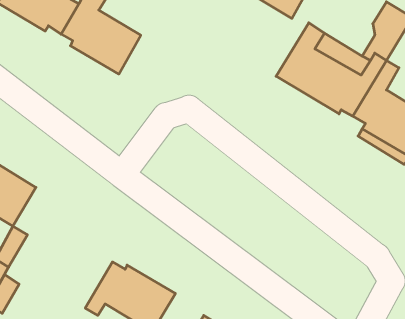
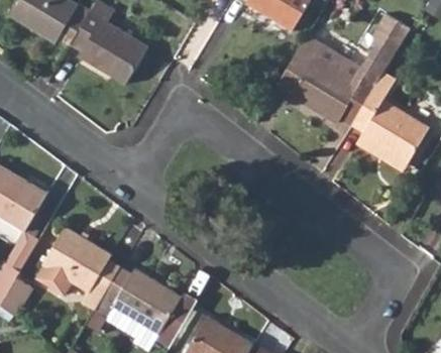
building: none -> [39,227,120,310]

